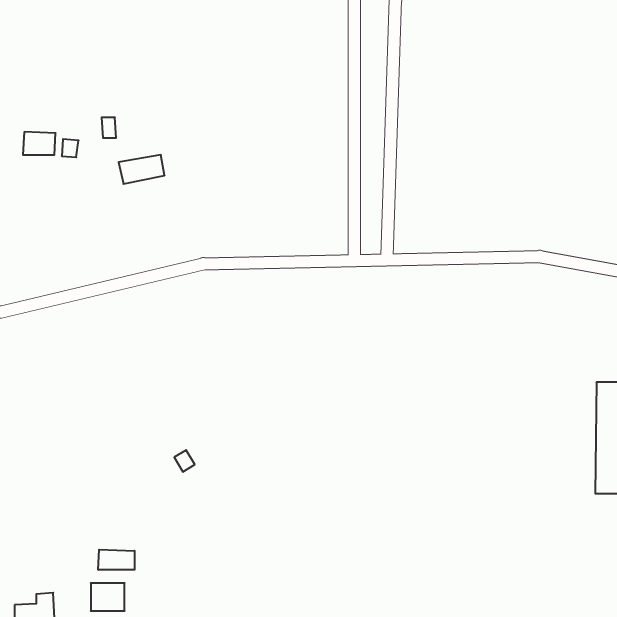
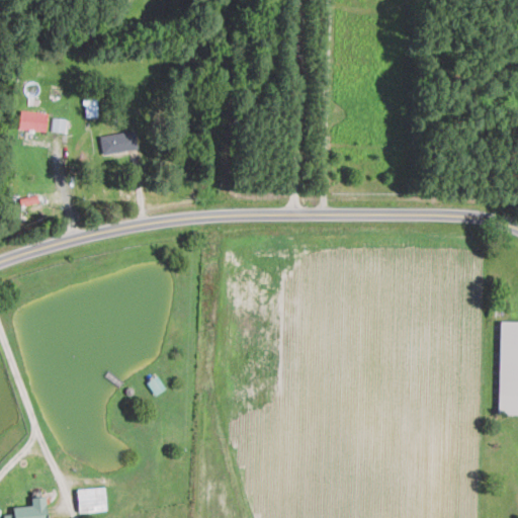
building: [98,550,135,570] -> none

